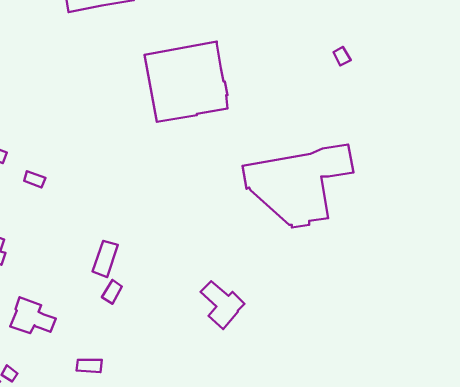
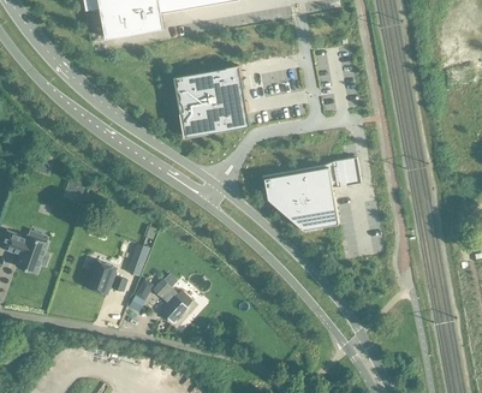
building: [200,281,245,329] -> [154,280,194,323]
building: [10,297,56,333] -> [88,261,129,293]

